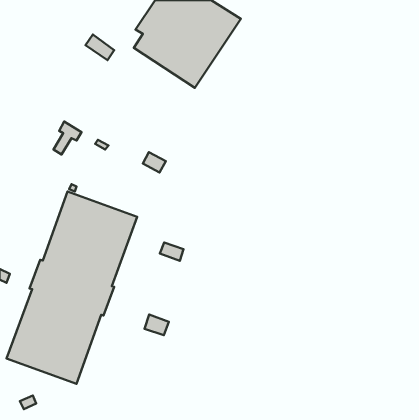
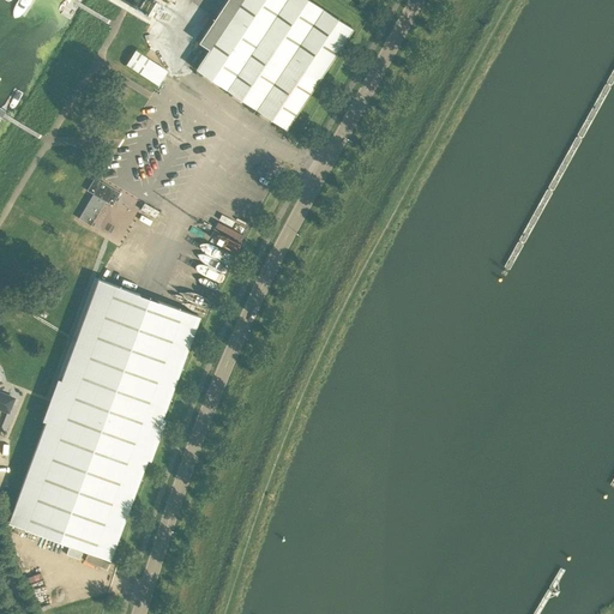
building: [160,243,183,261] -> none
building: [145,315,169,335] -> none

